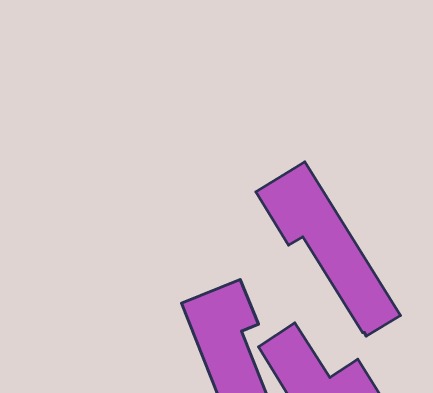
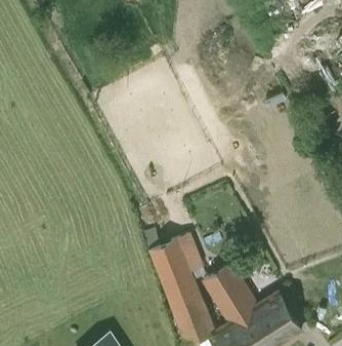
building: [256,162,401,336] -> none

